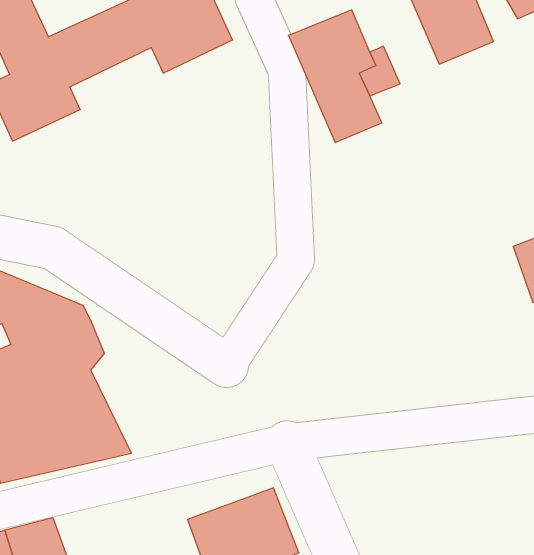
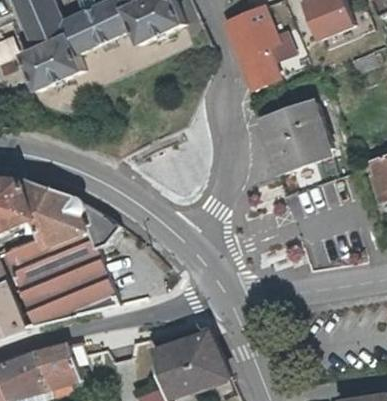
building: none -> [256,101,336,180]

